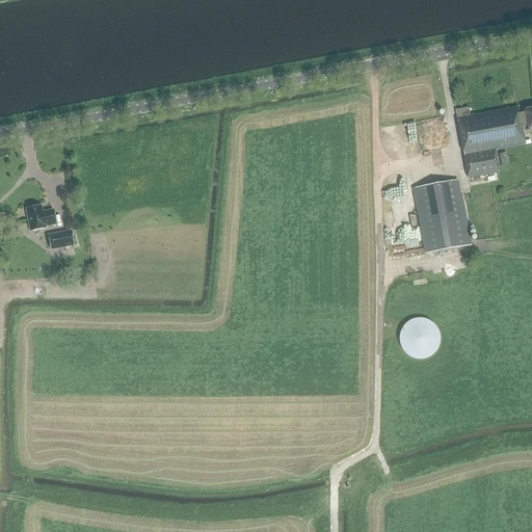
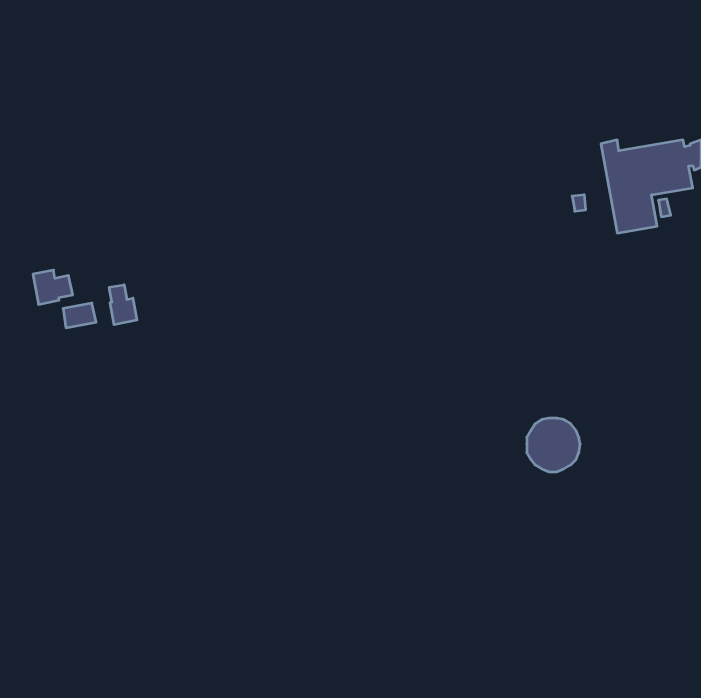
building: [414,178,470,251] -> none
building: none -> [109,285,137,325]

